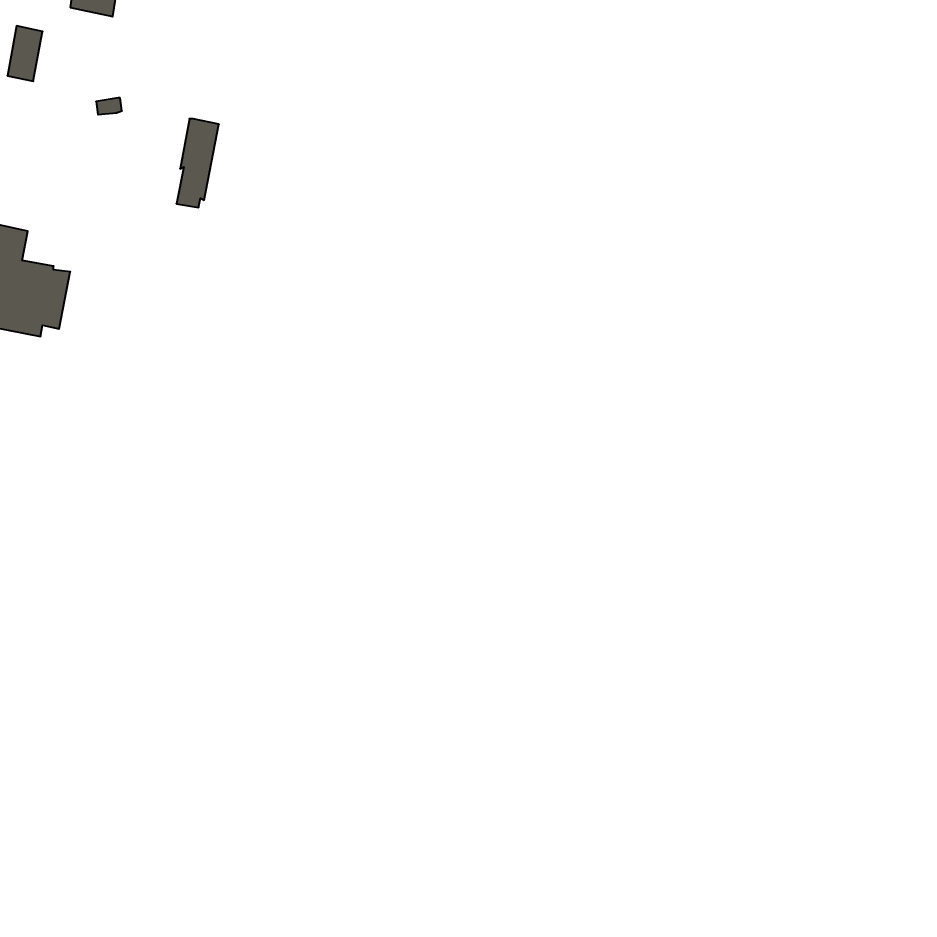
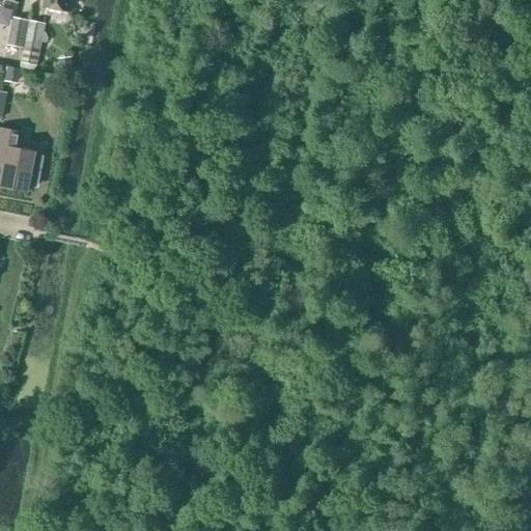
building: [176,119,219,207] -> [17,18,40,67]

